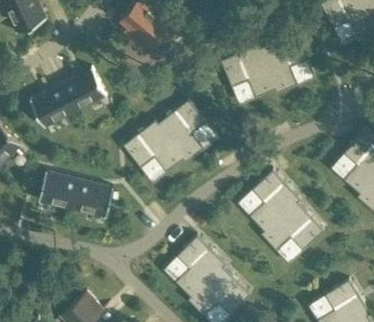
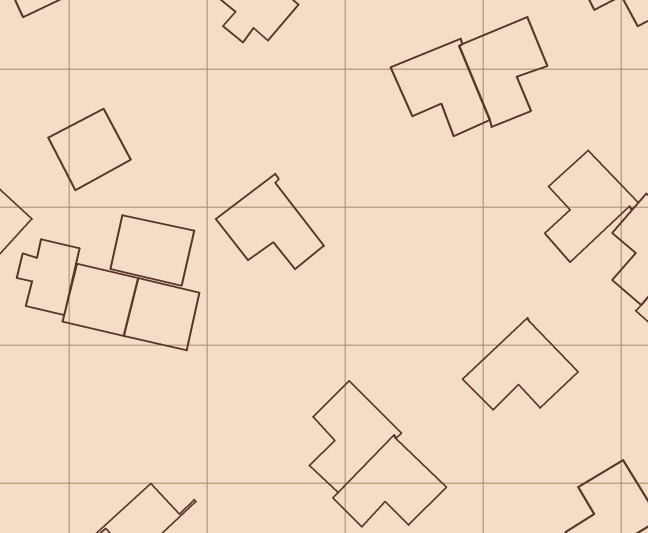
building: [60,67,106,112] -> none
building: [155,99,206,164] -> none
building: none -> [111,215,194,286]
building: none -> [17,239,79,315]
building: [249,170,301,232] -> [545,150,639,262]

